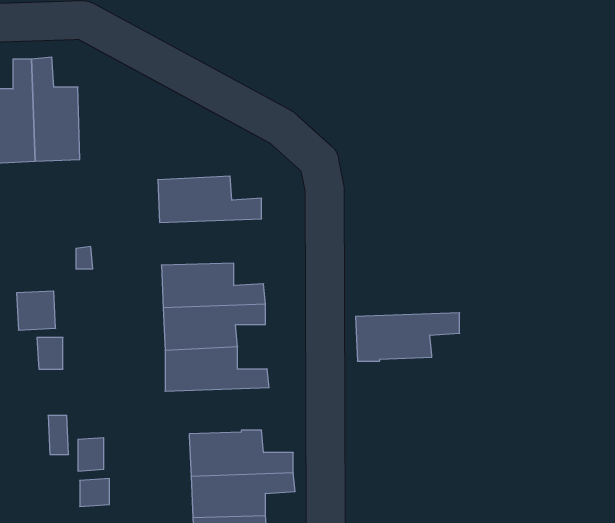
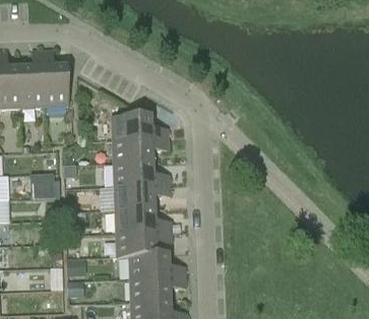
building: none -> [112,137,168,163]
building: [356,313,460,361] -> [115,230,172,256]

